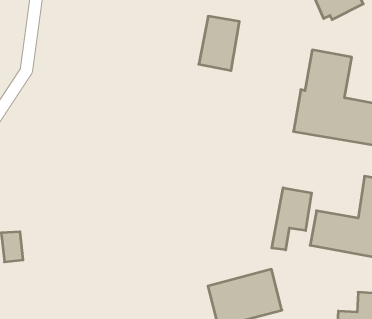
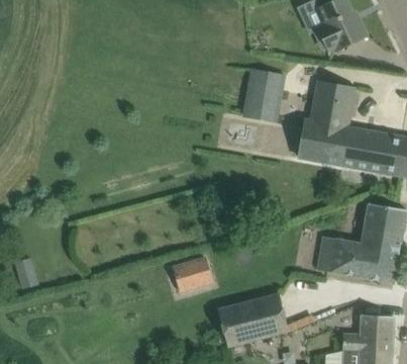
building: [199,16,239,71] -> [243,68,283,120]
building: [272,188,312,250] -> none
building: none -> [171,260,211,294]

